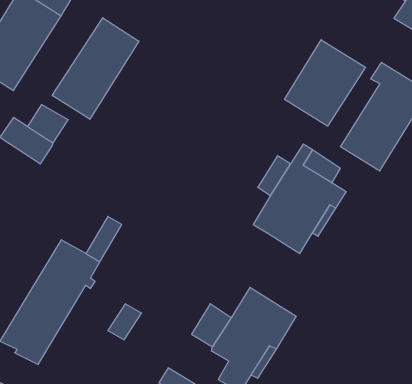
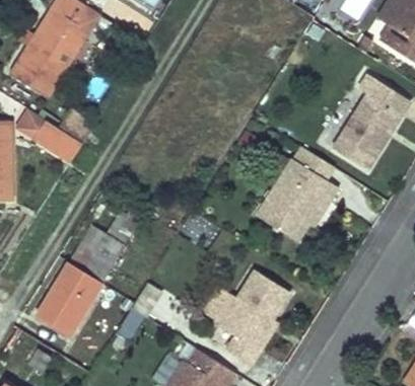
building: [52,18,139,119] -> none
building: [285,40,366,126] -> none

